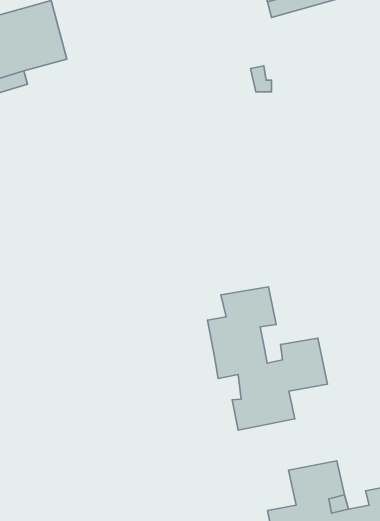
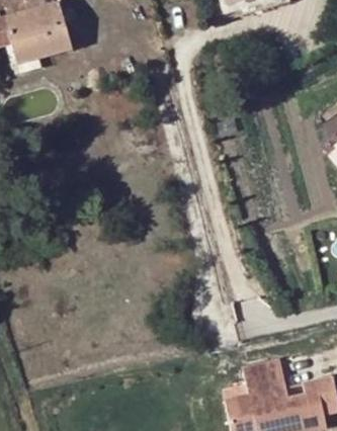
building: [208,287,328,430] -> none

